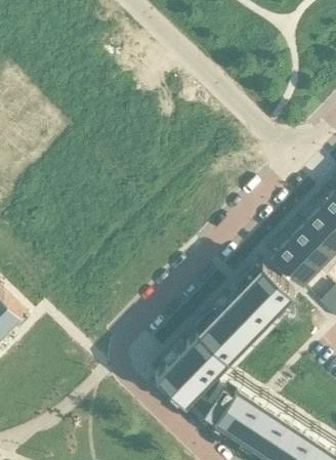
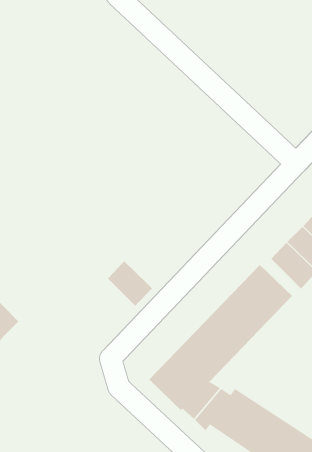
building: none -> [107,260,153,307]

